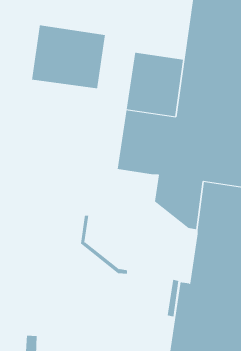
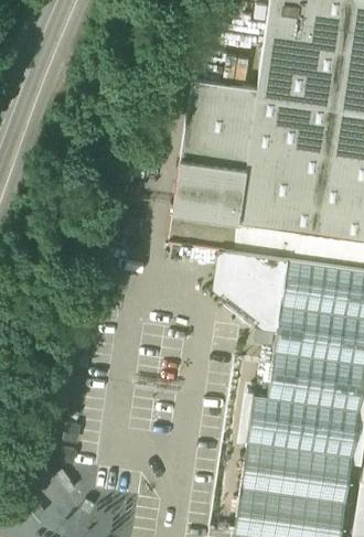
building: [31,25,105,89] -> none
building: [80,215,128,274] -> [214,248,279,329]

